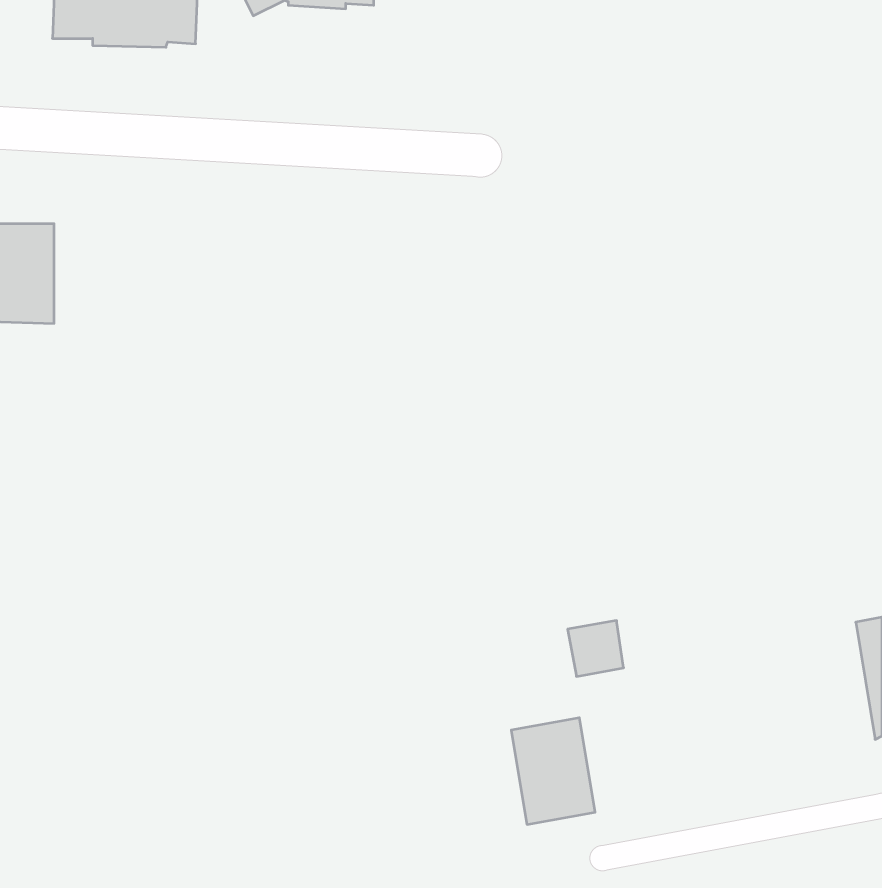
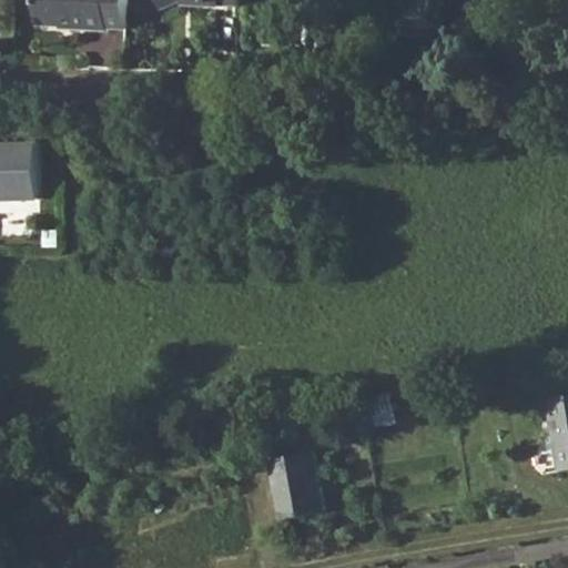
building: [511,718,595,824] -> [268,449,322,517]

